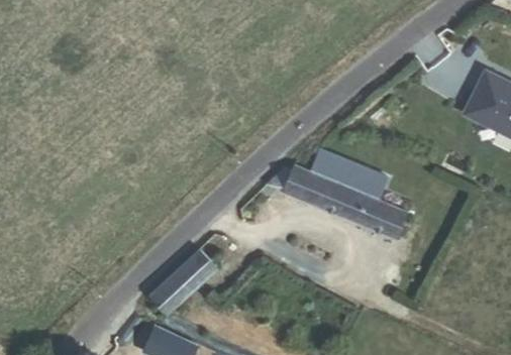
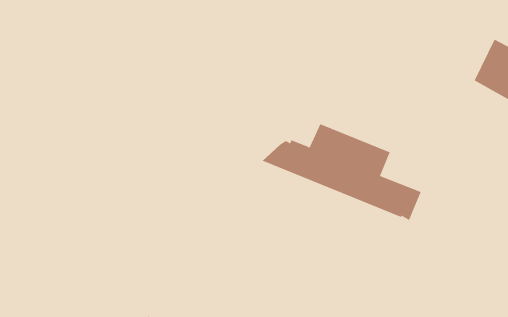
building: [150,248,218,315] -> none

